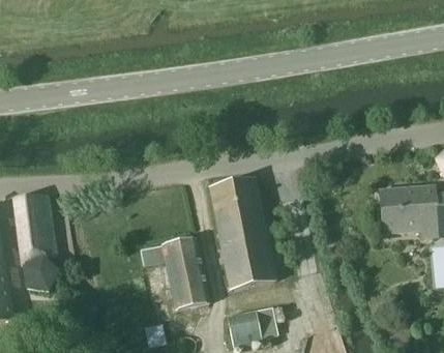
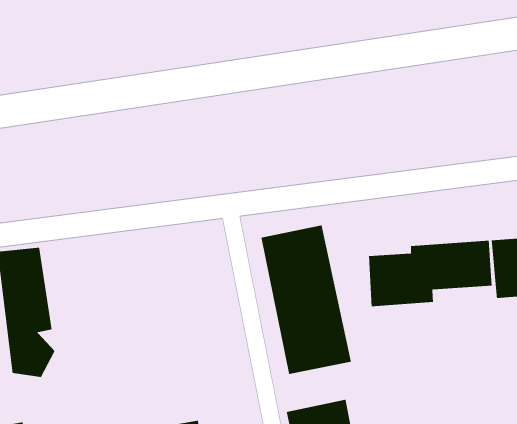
building: none -> [368,240,493,307]
building: [141,237,209,308] -> none

